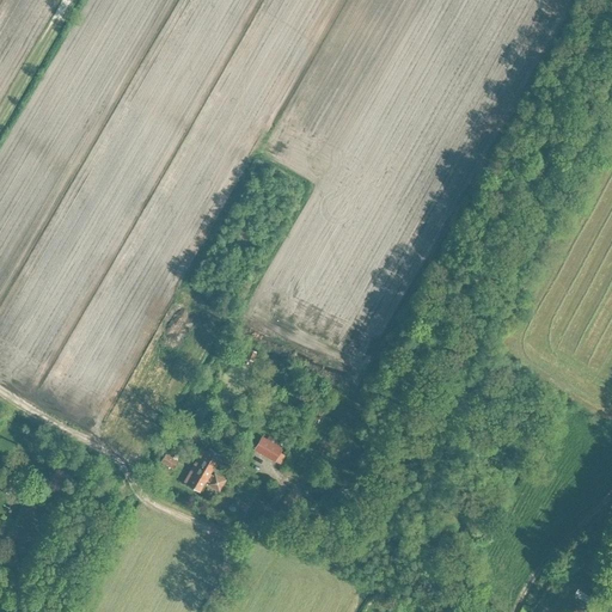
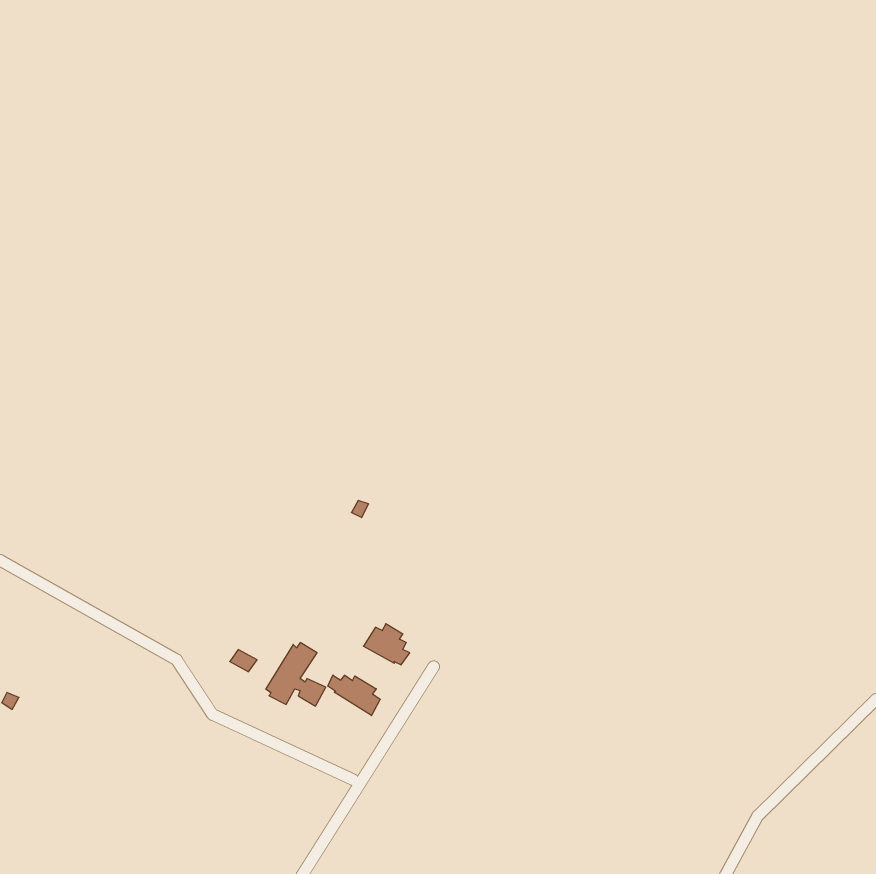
building: none -> [328,675,380,716]

